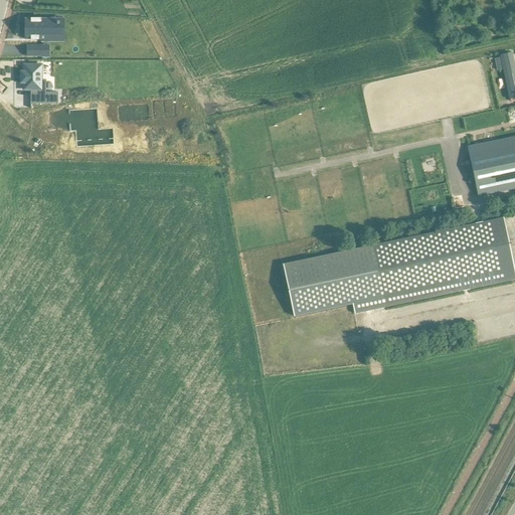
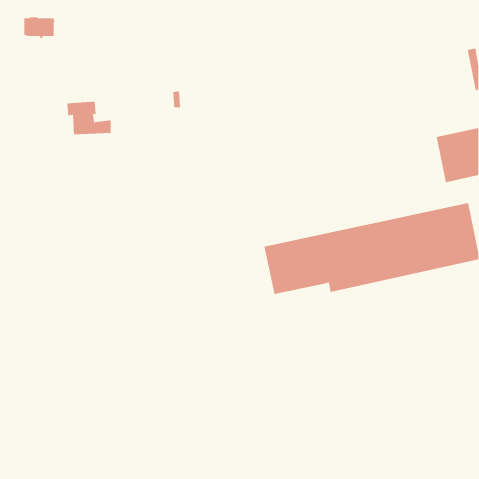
building: [21,65,58,104] -> none

